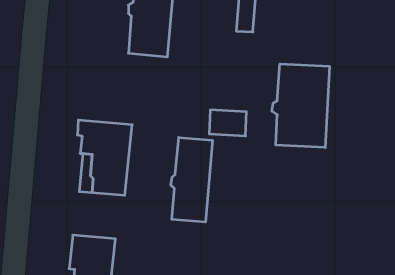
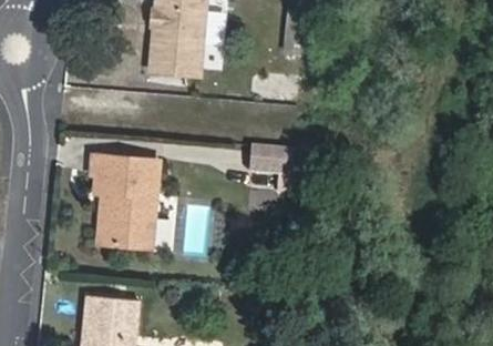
building: [272,64,329,148] -> none
building: [171,137,212,222] -> none

